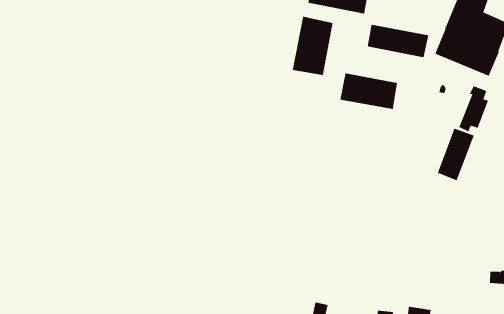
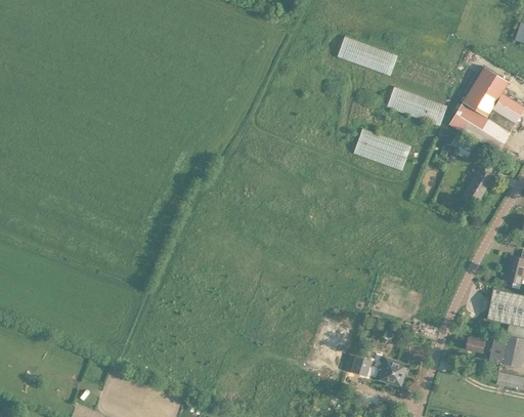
building: [292,16,333,76] -> none
building: [437,128,474,181] -> none

